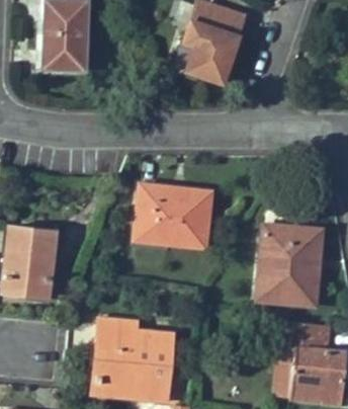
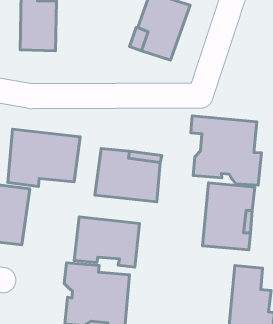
building: none -> [191,116,261,185]
building: none -> [8,129,80,187]
building: none -> [74,217,140,267]

